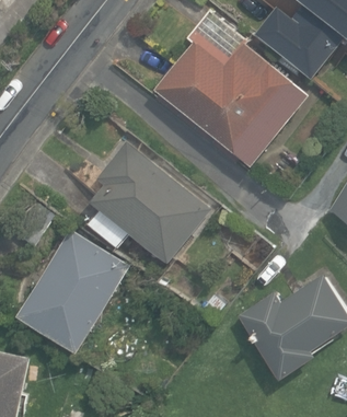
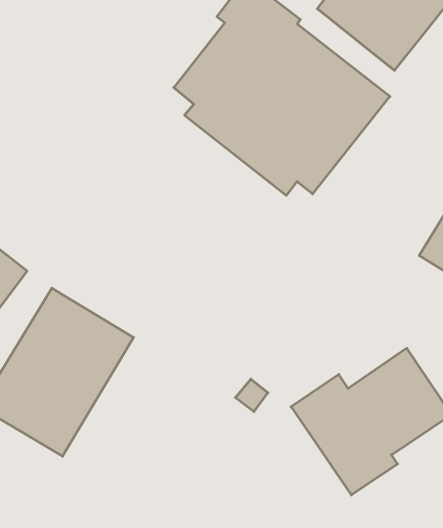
building: [85,143,209,262] -> none

